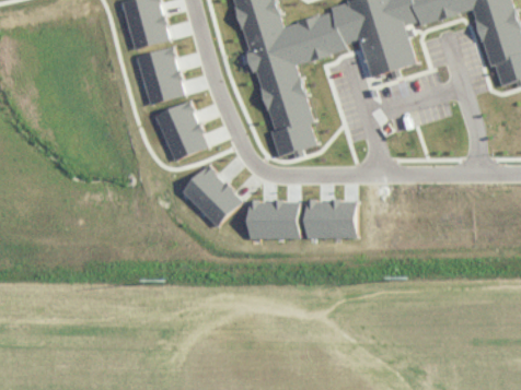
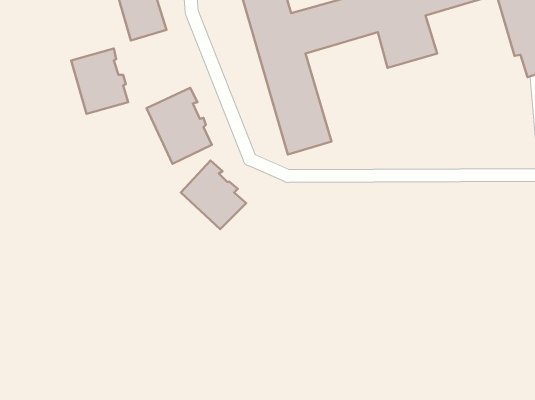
building: [134,47,186,107] -> [71,49,128,114]
building: [248,201,301,239] -> none
building: [306,201,358,238] -> none

